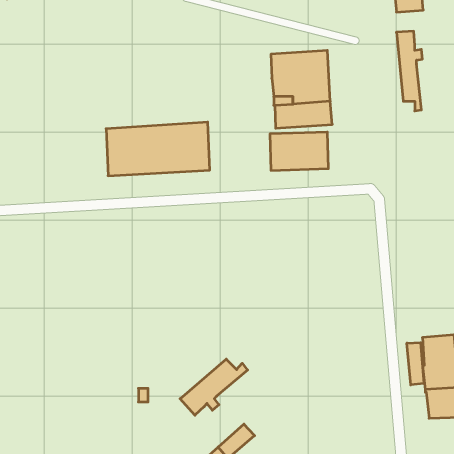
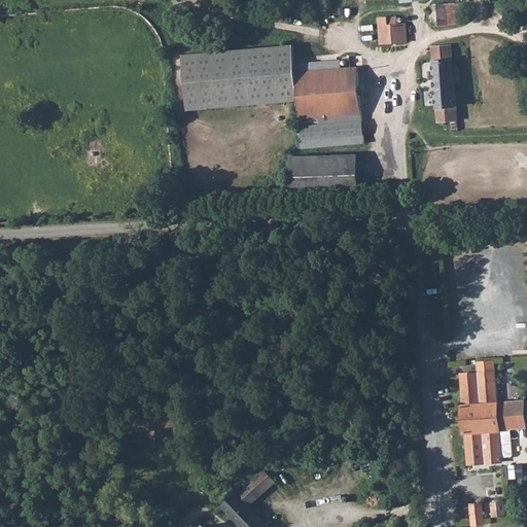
building: none -> [377,17,403,43]
building: [106,122,210,176] -> [184,45,295,103]
building: [407,343,424,385] -> none
building: [180,359,248,415] -> none

